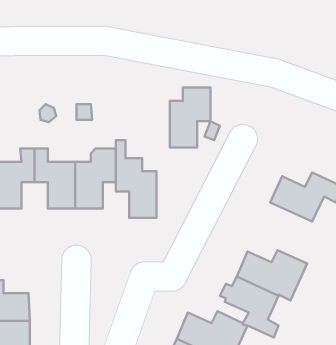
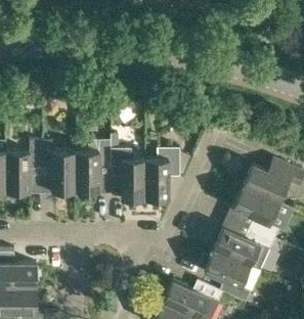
building: [170,88,210,147] -> [145,149,180,200]
building: none -> [232,187,279,239]

